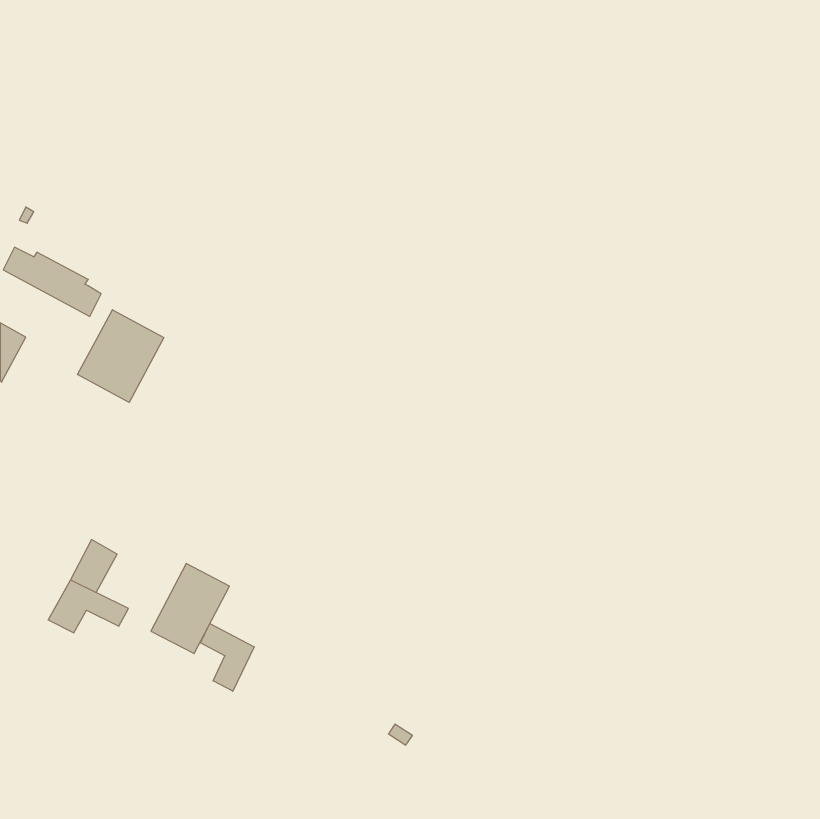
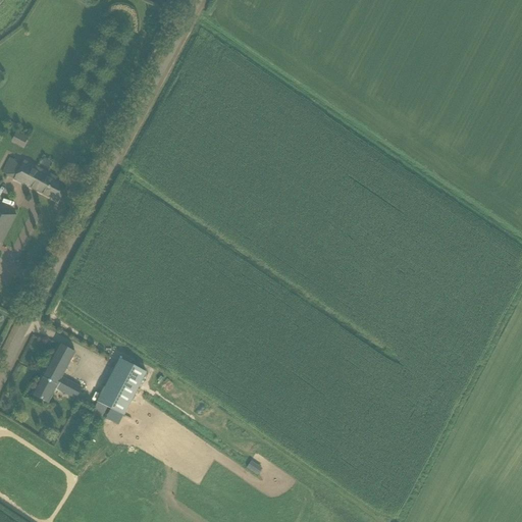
building: [78,310,164,402] -> none
building: [200,624,254,691] -> none

